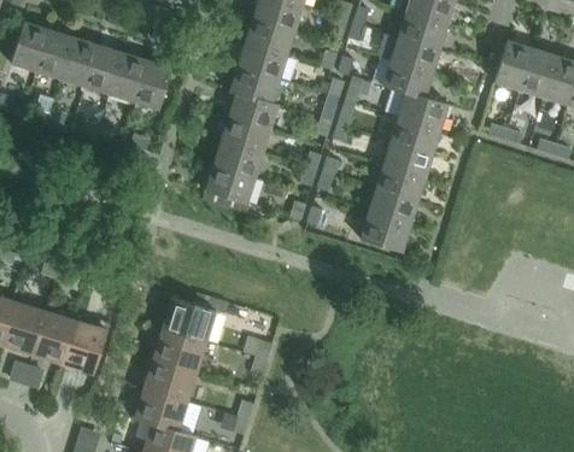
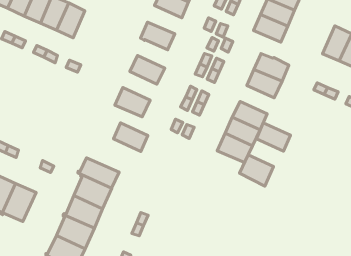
building: [238,42,286,80] -> none
building: [134,61,171,110] -> none
building: [382,61,432,98] -> none
building: [229,93,279,130] -> none
building: [213,141,262,178] -> [114,123,148,151]
building: [383,141,432,178] -> [256,123,290,151]
building: none -> [240,155,274,186]
building: none -> [78,158,119,188]

